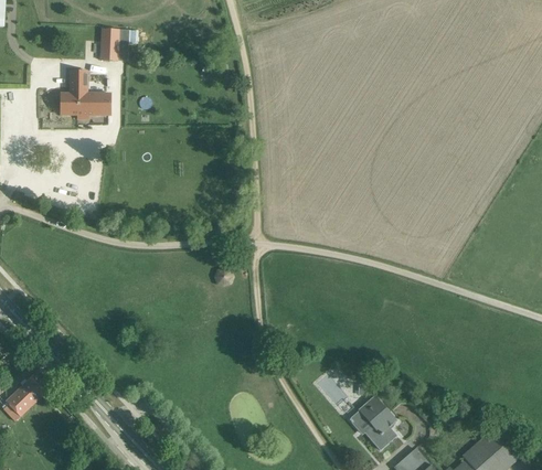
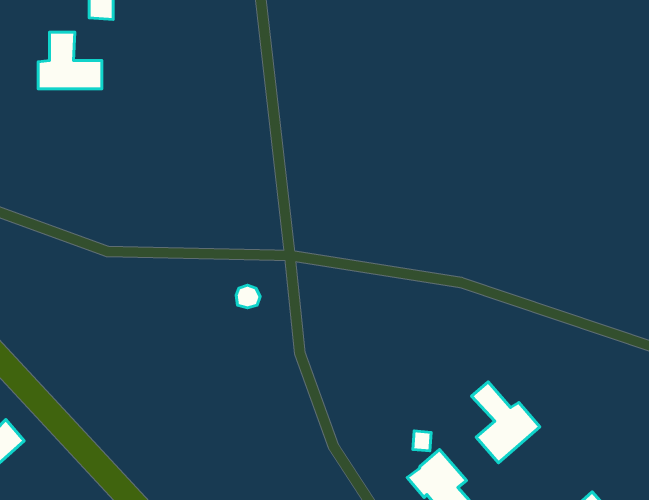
building: none -> [472,382,540,463]

